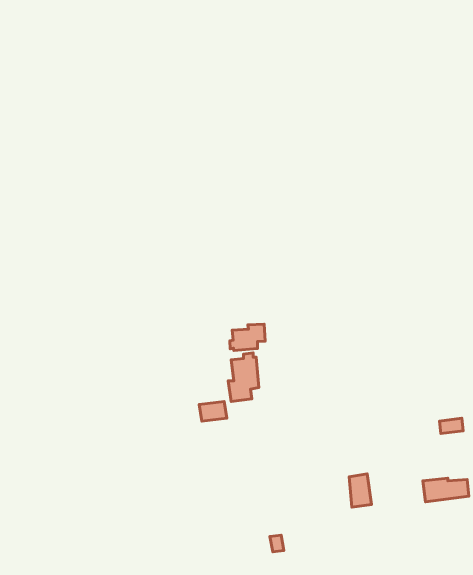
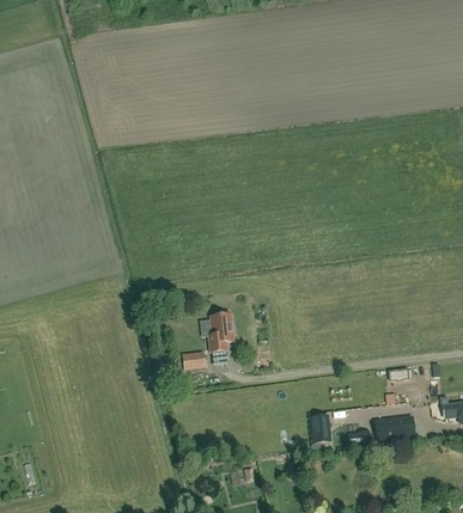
building: [230,324,265,351] -> none

